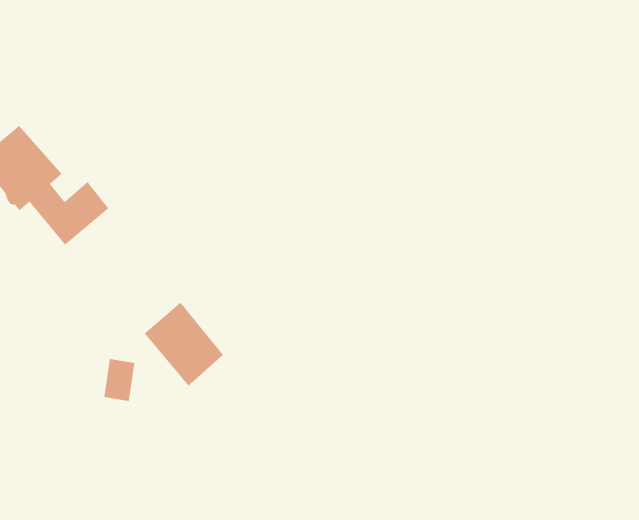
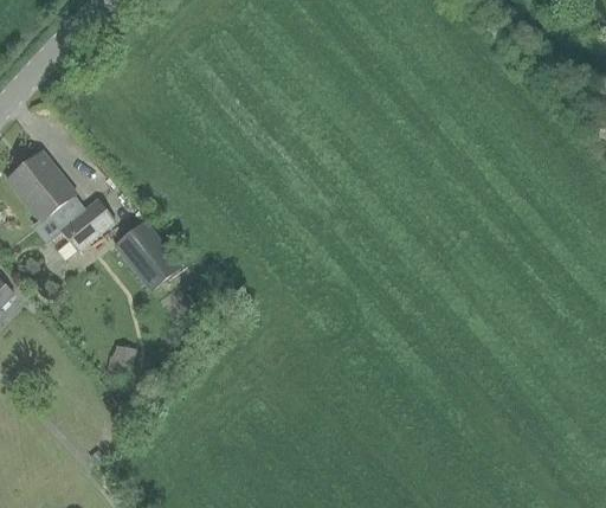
building: [144,302,224,386] -> [115,218,181,288]

